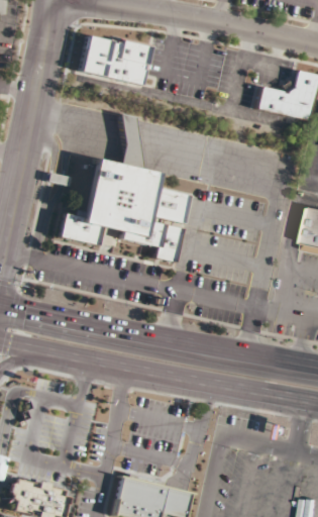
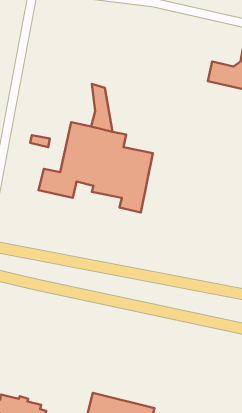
building: [79,33,150,87] -> none

